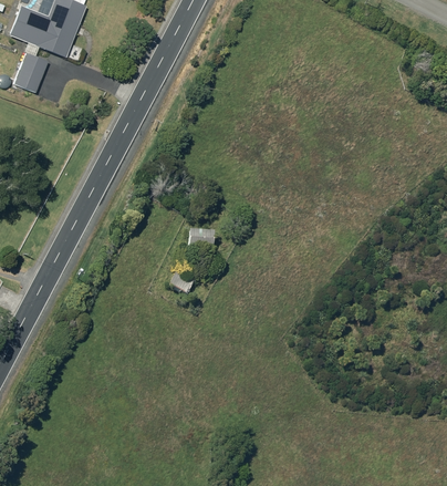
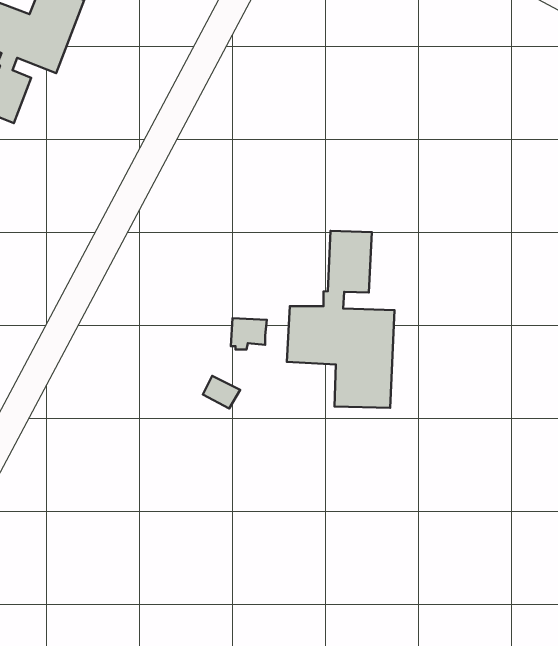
building: none -> [287,231,395,408]

